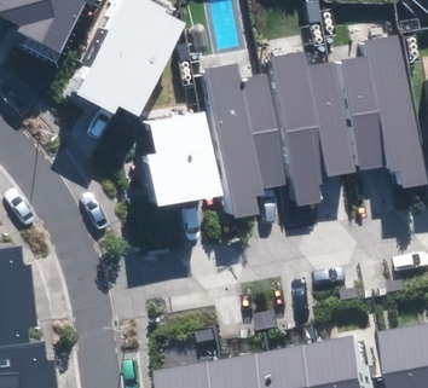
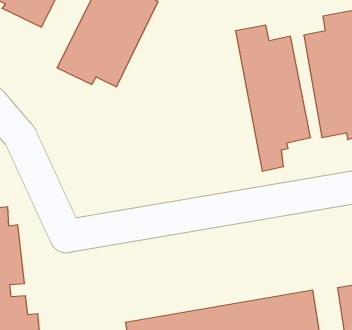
building: [207,62,288,219] -> none
building: [149,111,221,207] -> none

